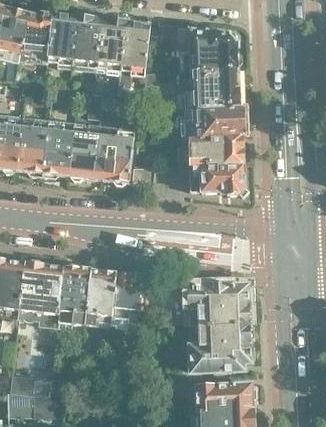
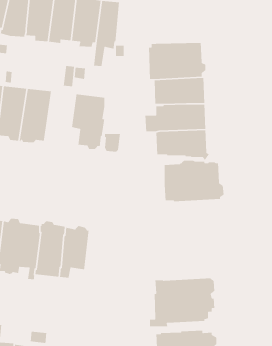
building: [177,27,243,70] -> none
building: [68,121,106,180] -> none
building: [112,270,150,319] -> none
building: [188,281,254,327] -> [164,160,224,202]

